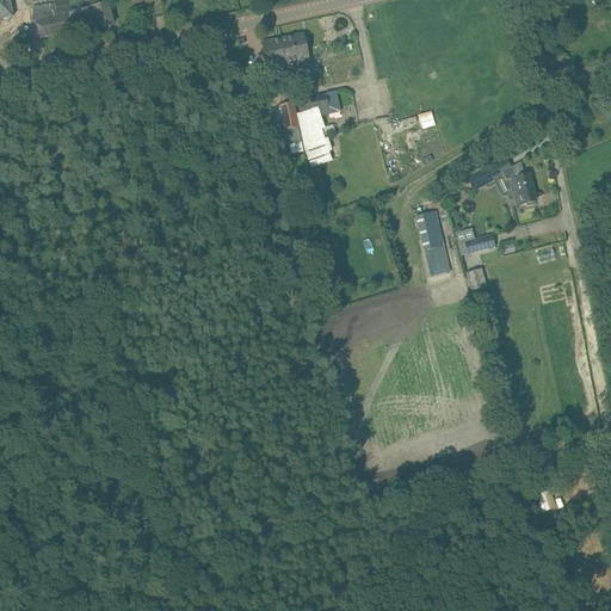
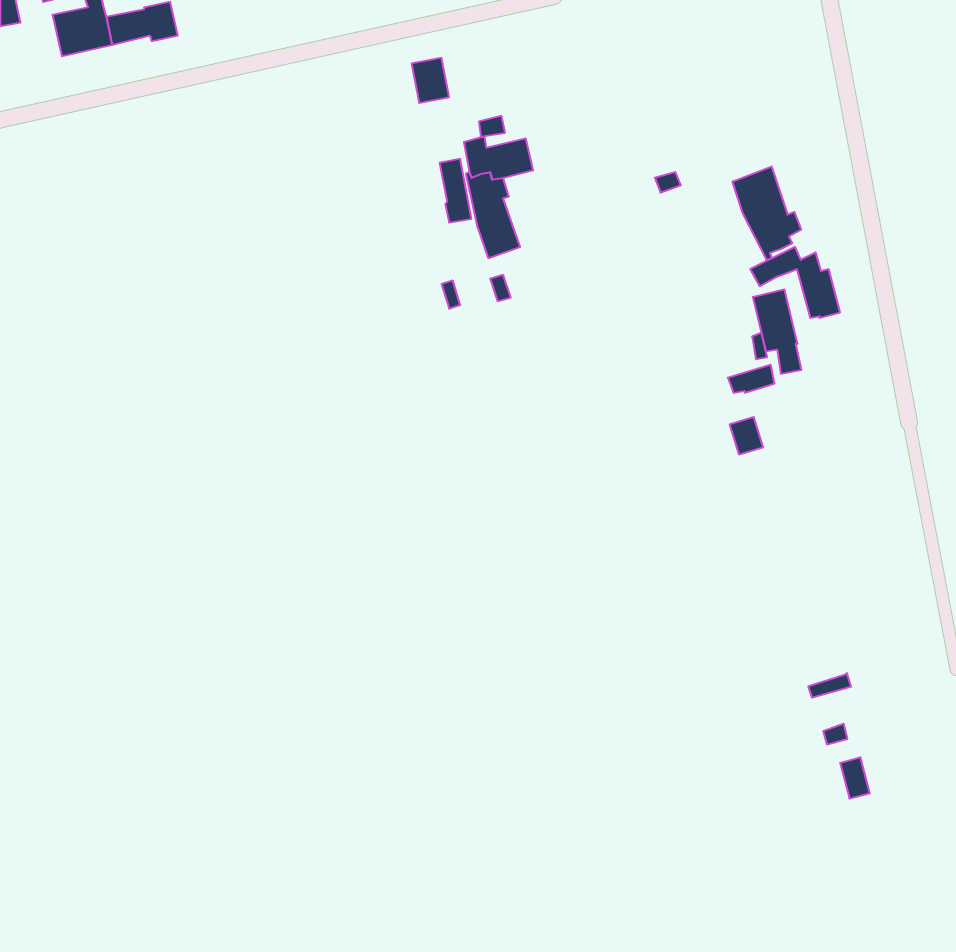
building: [282,32,310,69] -> none
building: none -> [733,166,801,260]
building: [415,210,446,264] -> [753,290,801,374]

